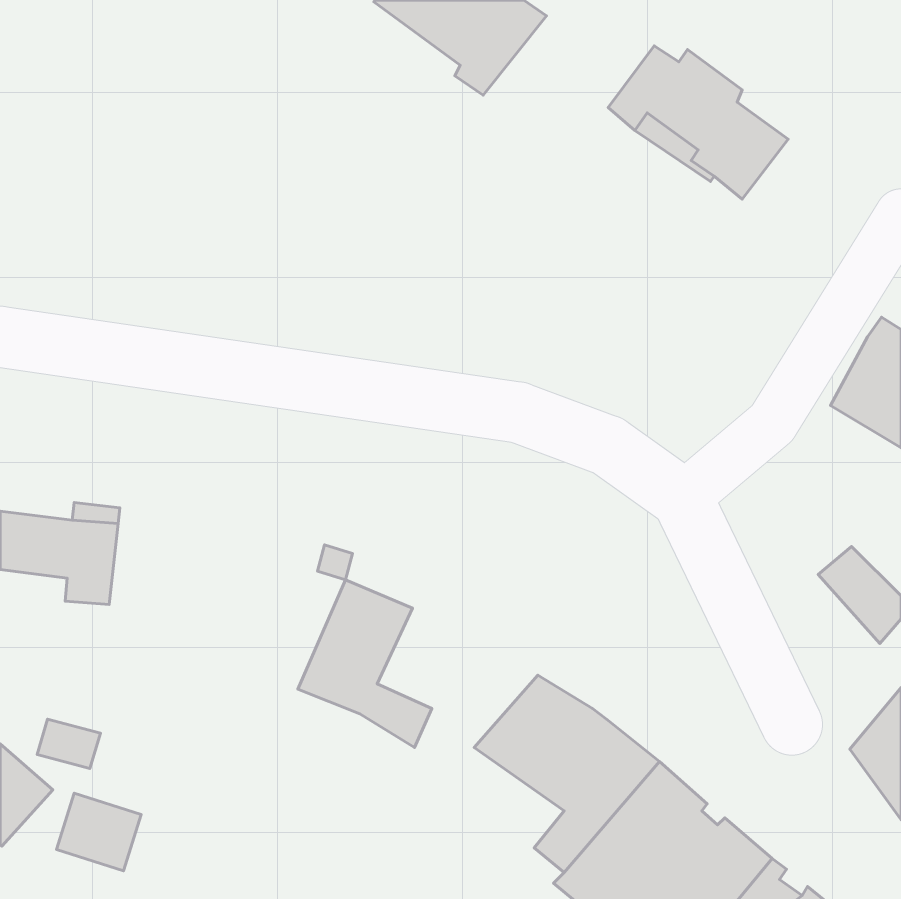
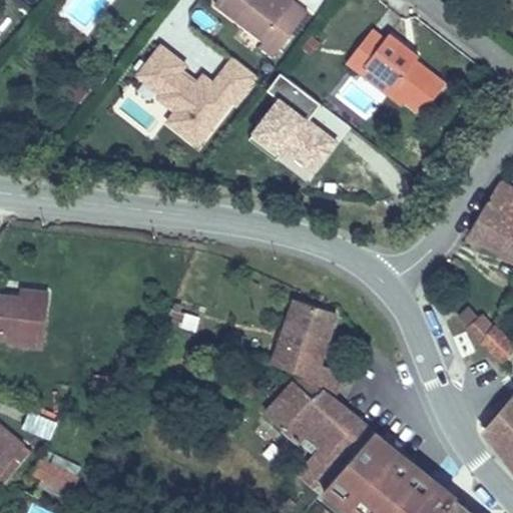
building: none -> [122,42,262,153]
building: none -> [249,70,341,171]
building: [298,580,432,747] -> [271,309,347,404]

